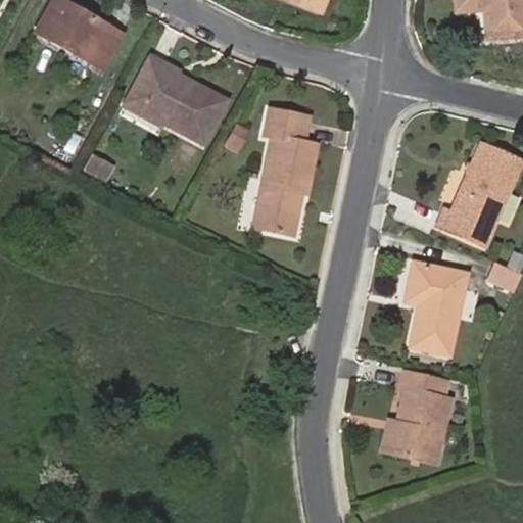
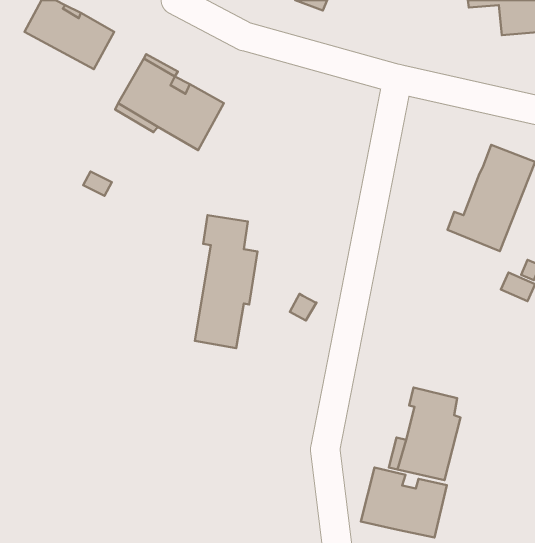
building: [255,106,316,234] -> [195,215,258,348]
building: [406,262,466,353] -> none
building: none -> [361,467,447,538]

